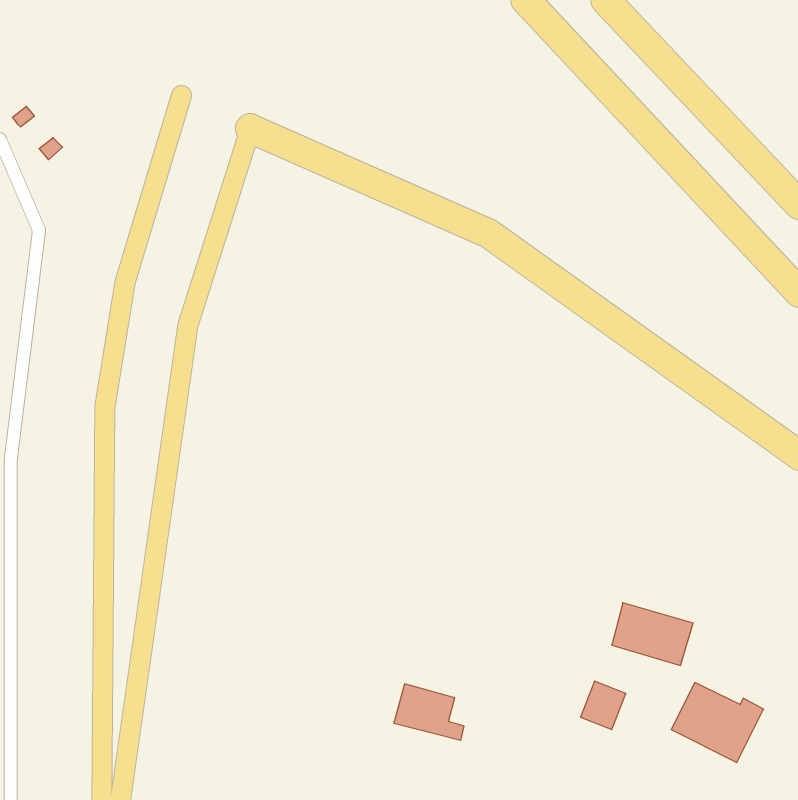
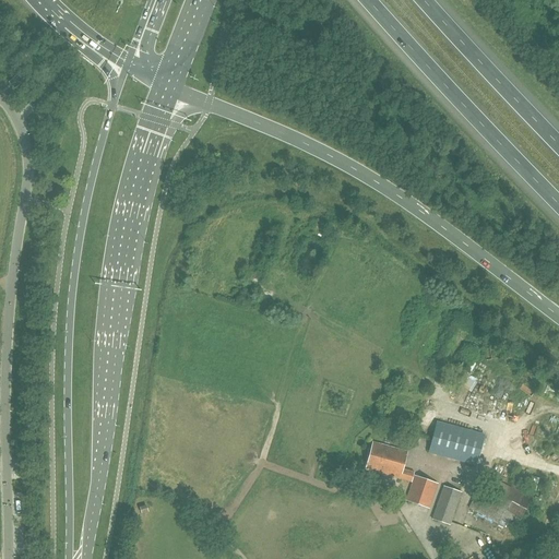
building: [394,684,464,740] -> [366,442,415,481]
building: none -> [431,485,462,525]

